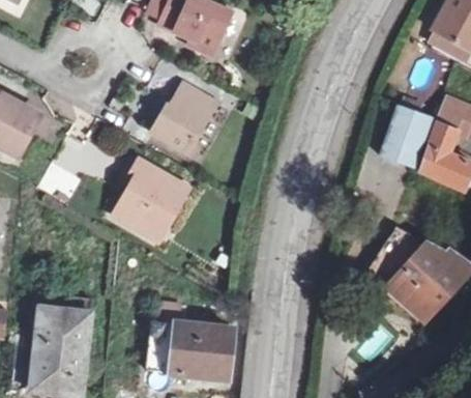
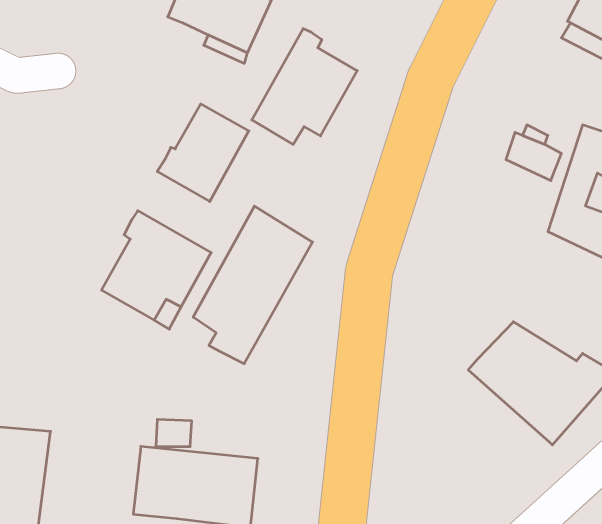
building: none -> [252,29,357,144]
building: [381,122,425,167] -> none
building: none -> [193,206,313,364]

